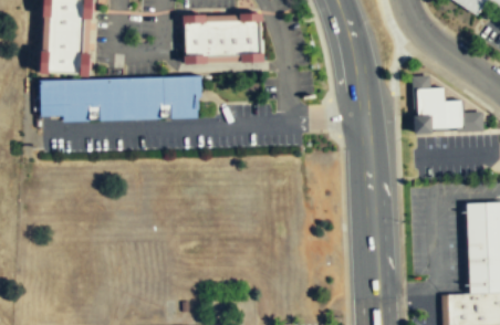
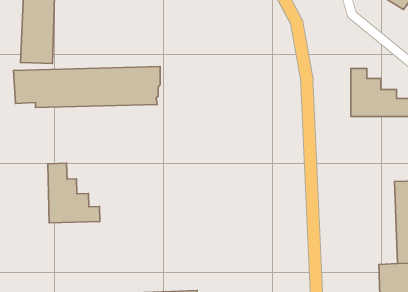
building: [186,14,263,63] -> none
building: none -> [48,163,100,223]

